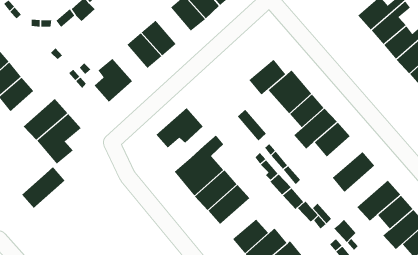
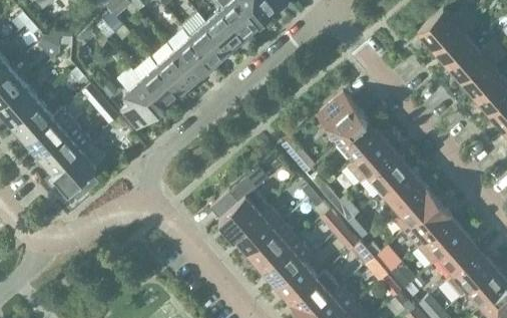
building: none -> [190,23,229,64]
building: none -> [134,58,180,106]
building: [249,59,286,95] -> none
building: [155,107,204,149] -> none
building: none -> [383,169,424,209]
building: none -> [403,202,452,249]
building: [21,166,65,209] -> [26,109,76,157]
building: none -> [263,239,312,285]

